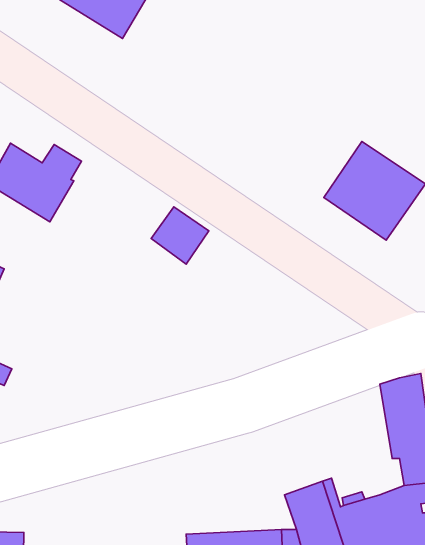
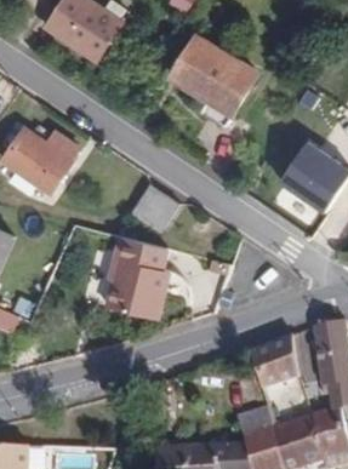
building: none -> [177,32,258,116]
building: none -> [105,234,167,315]
building: none -> [249,333,296,404]

